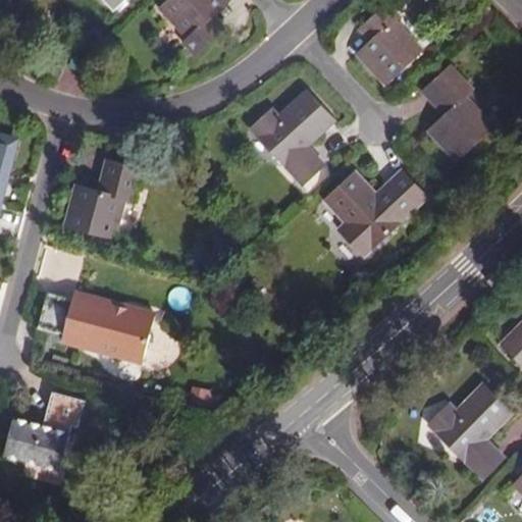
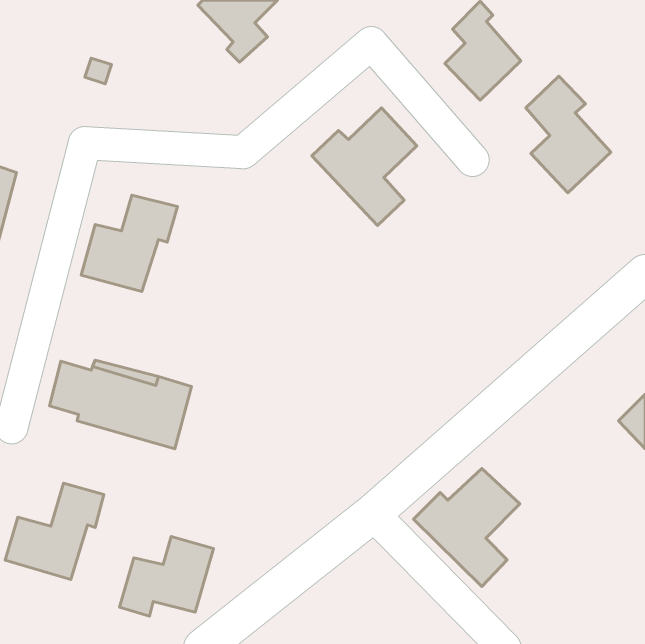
building: [326,170,427,255] -> none
building: [425,385,511,480] -> [413,468,520,586]
building: none -> [119,536,213,616]

